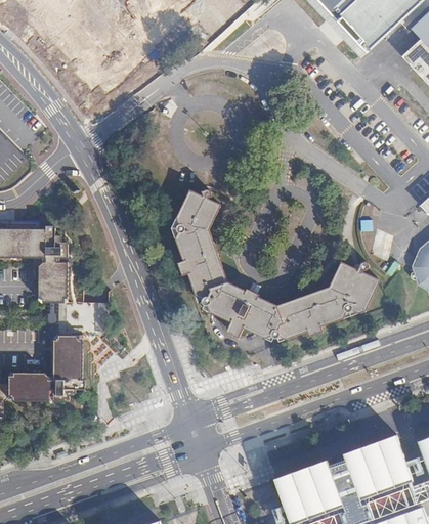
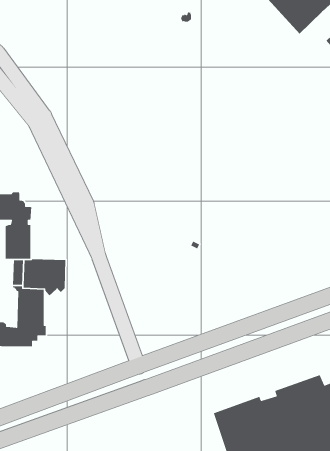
building: [175,189,379,339] -> none

